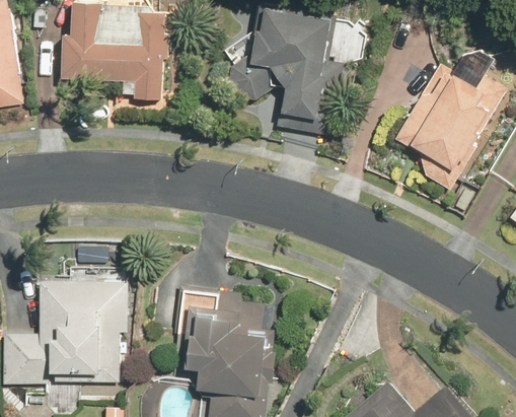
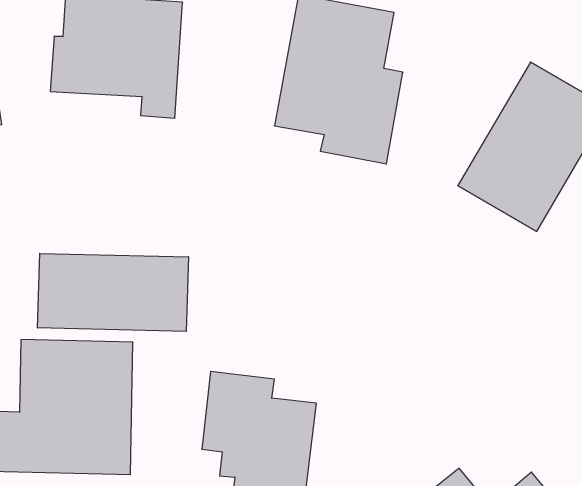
building: none -> [38,253,188,331]

